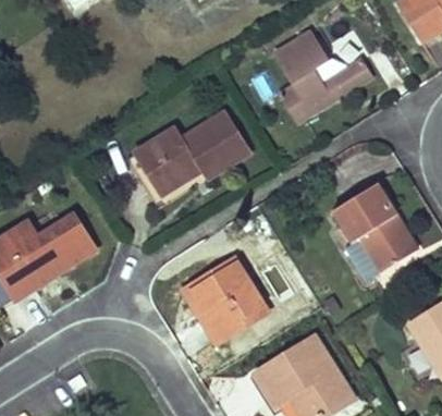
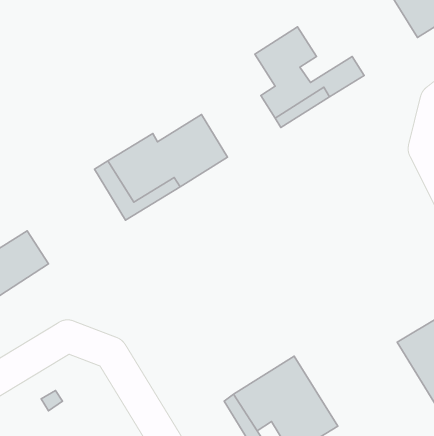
building: [333,184,415,279] -> none
building: [182,256,268,345] -> none

